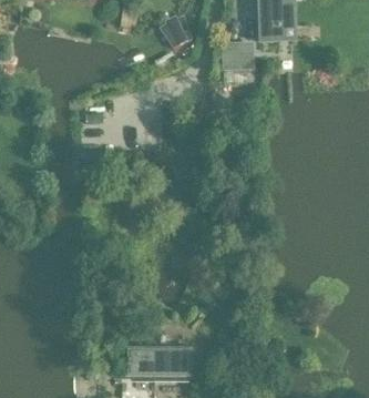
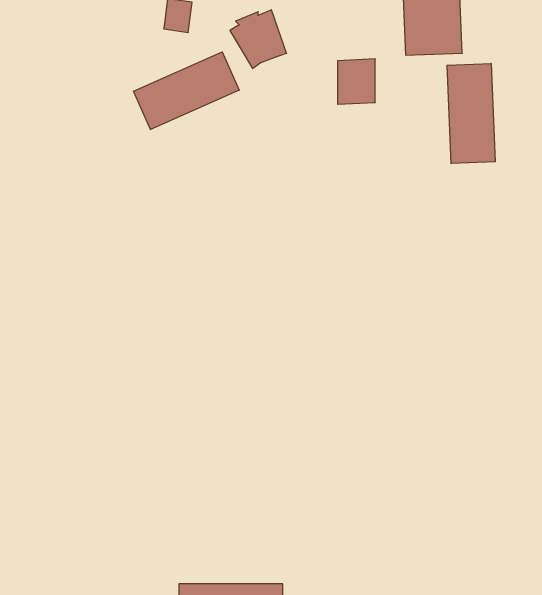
building: none -> [134,52,239,130]
building: none -> [447,63,495,164]

